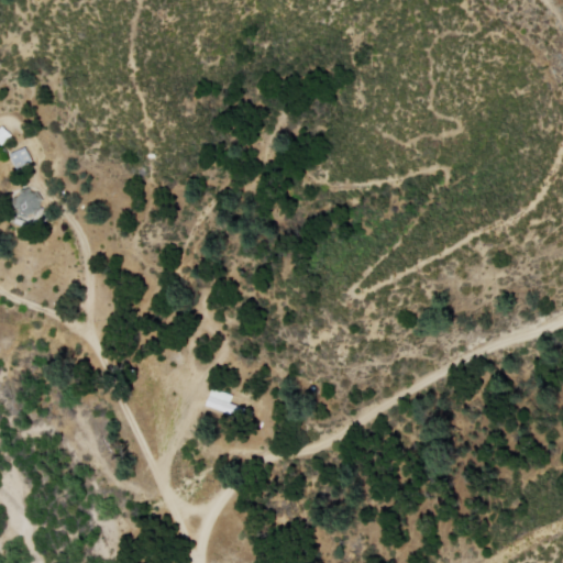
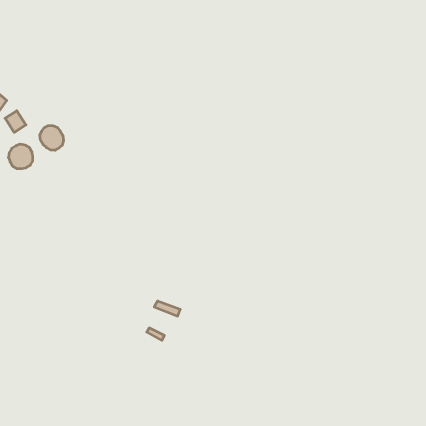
building: none -> [40,126,63,150]

